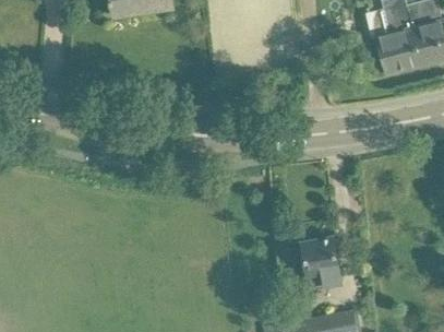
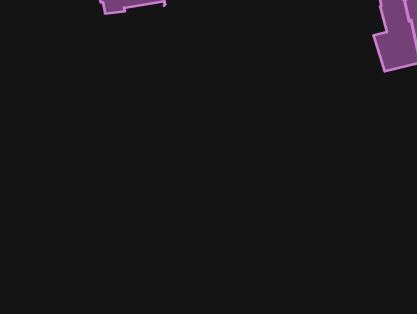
building: [301,237,340,287] -> none

